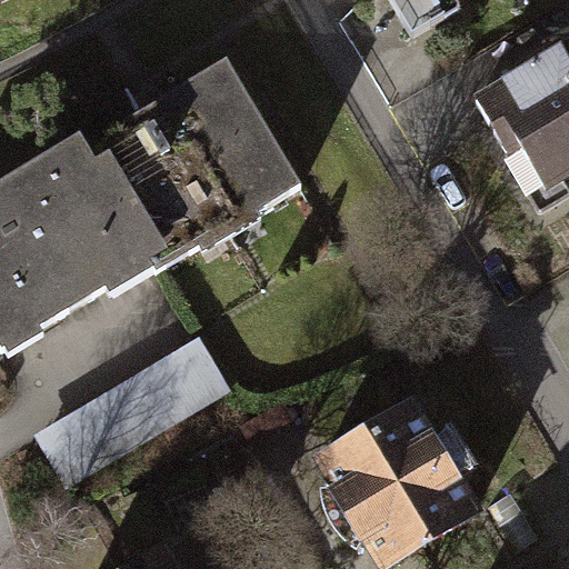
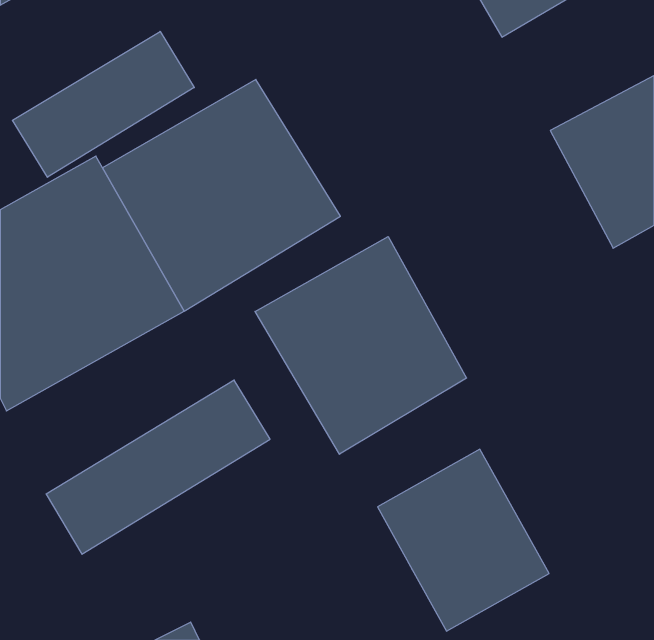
building: none -> [12,31,194,177]
building: none -> [255,237,467,454]

